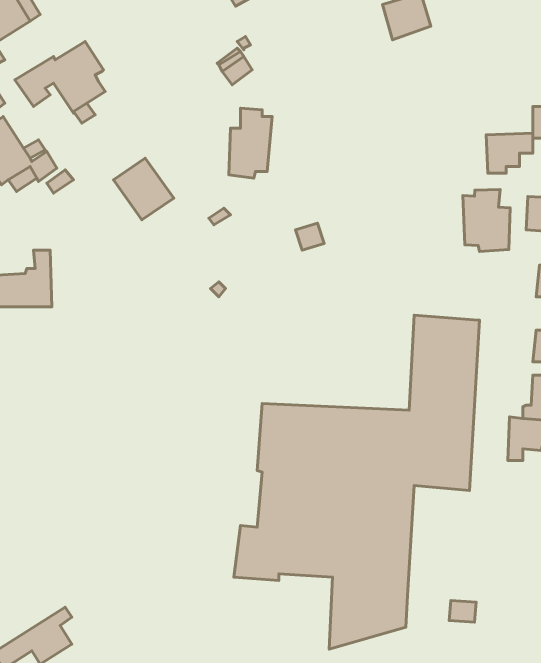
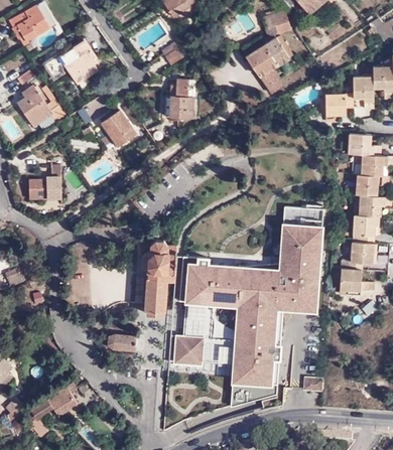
building: none -> [246,36,292,93]
building: [463,189,510,251] -> none
building: none -> [139,240,178,316]
building: none -> [106,335,134,351]

